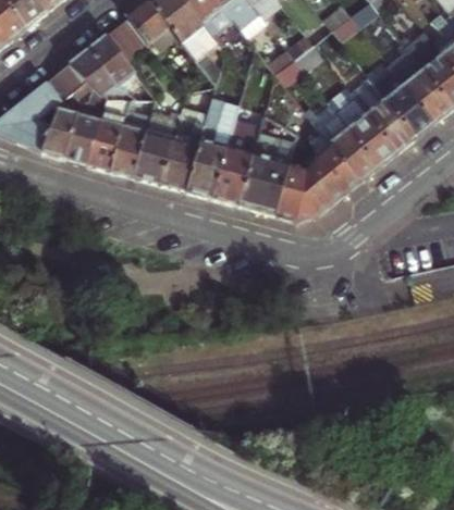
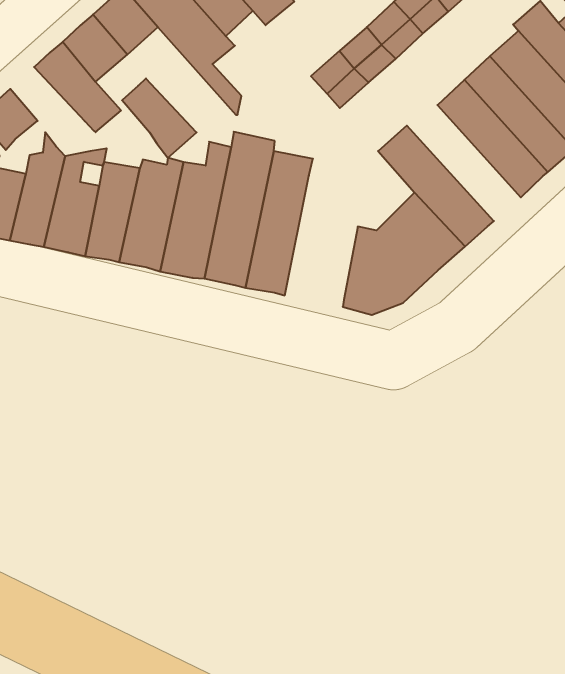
building: [73,47,120,99] -> [122,78,197,158]
building: [327,84,398,165] -> none
building: [242,128,298,214] -> none

